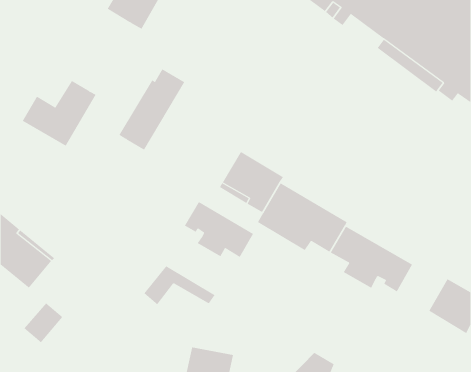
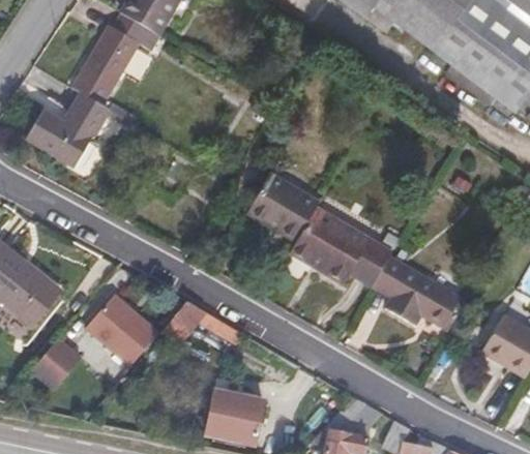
building: [119,68,185,150] -> [72,12,147,104]
building: [184,201,254,258] -> none
building: none -> [86,295,159,367]

